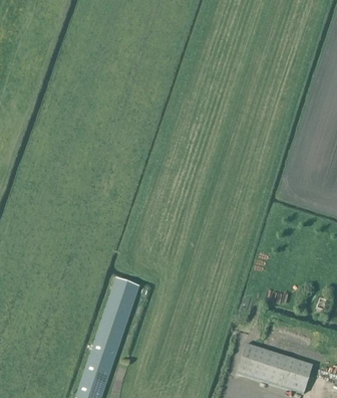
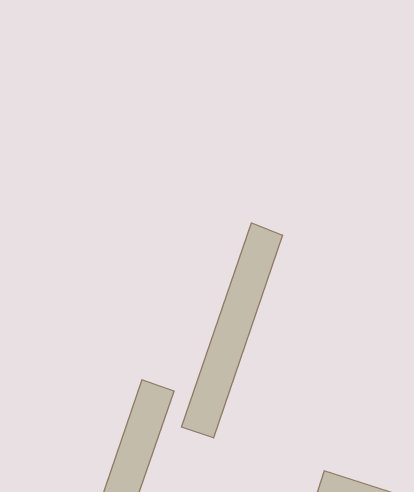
building: none -> [182,223,283,438]

